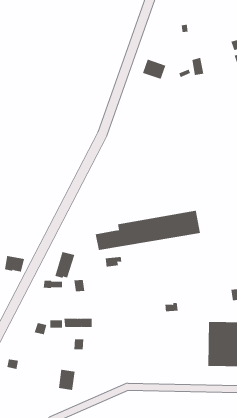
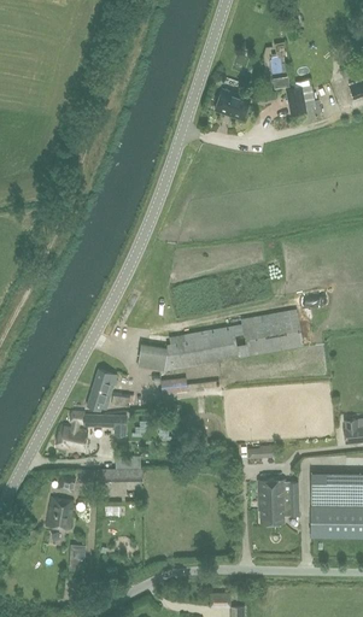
building: [4,255,25,272] -> [57,427,87,451]
building: none -> [258,480,299,523]
building: [58,369,75,391] -> [47,498,72,529]

